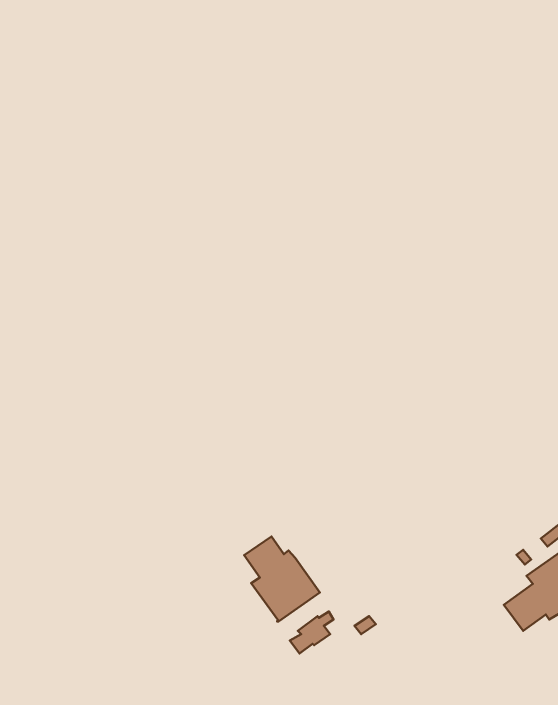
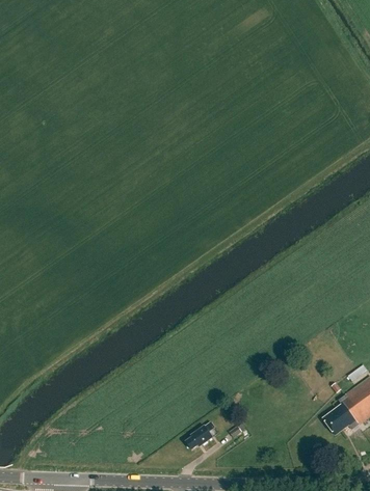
building: [244,537,320,622] -> none

